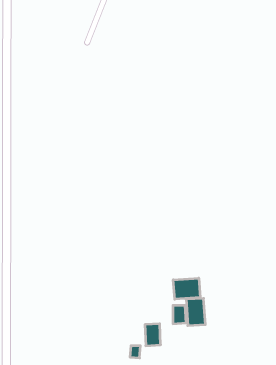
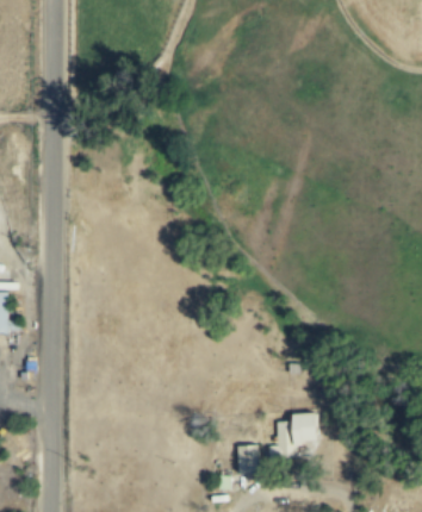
building: [173,278,200,299] -> none

